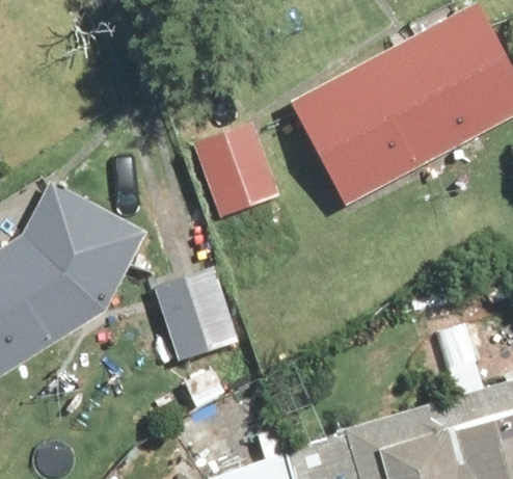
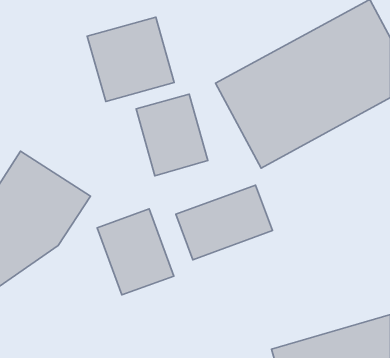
building: none -> [87,17,174,101]
building: none -> [176,185,273,260]

